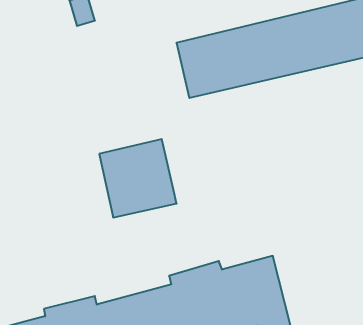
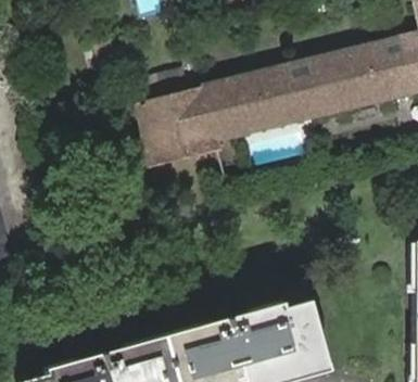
building: [99,139,177,217] -> [138,85,217,165]

